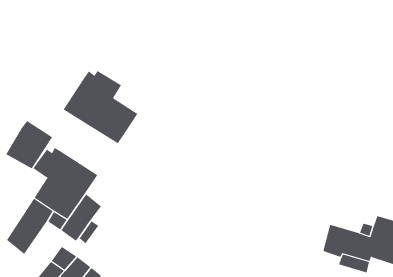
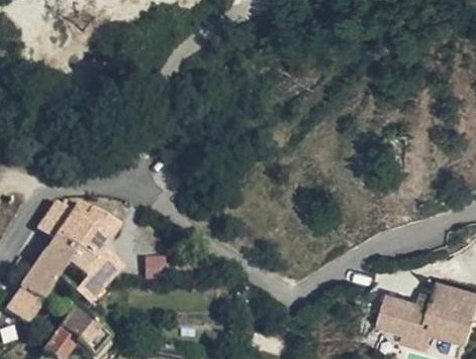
building: [63,70,138,144] -> none
building: [6,120,53,169] -> none

